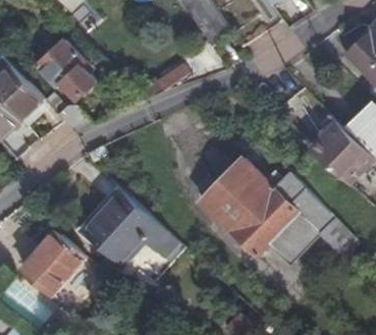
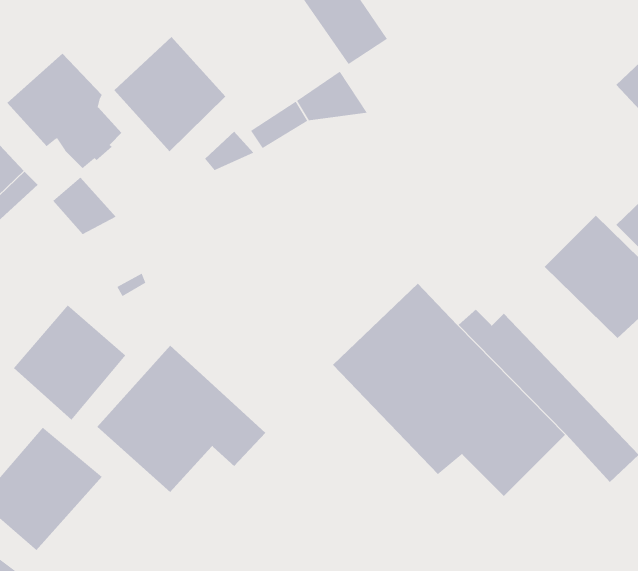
building: none -> [113,36,226,152]
building: none -> [13,305,126,420]

